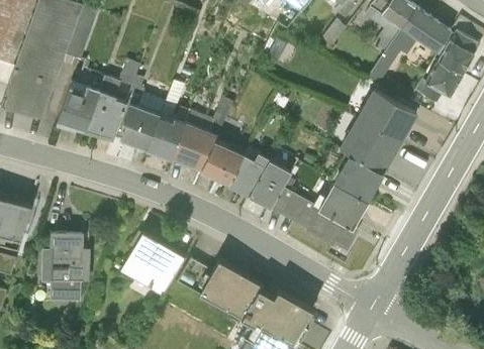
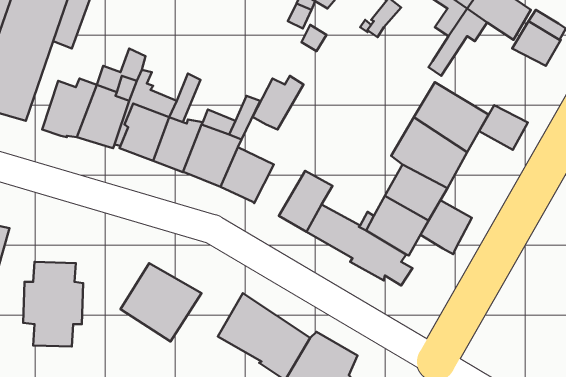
building: [424,61,464,97] -> [479,105,528,150]
building: [227,152,269,196] -> [252,76,304,130]
building: none -> [421,200,472,254]

